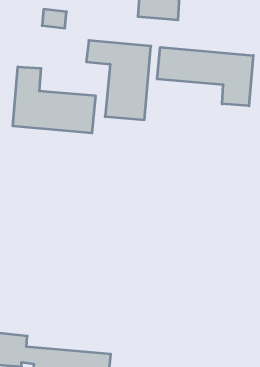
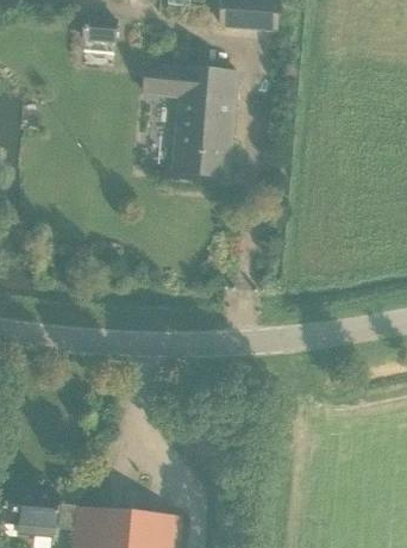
building: [157,47,253,106] -> none
building: [13,67,95,133] -> none

